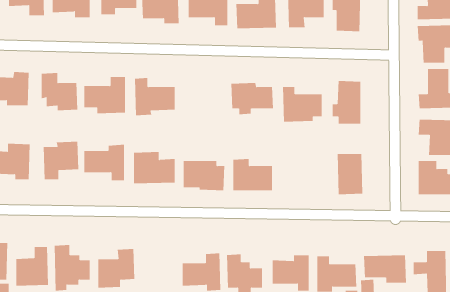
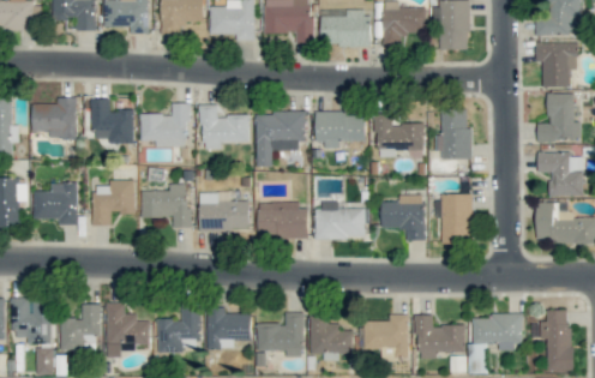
building: none -> [256,112,303,167]
building: none -> [380,194,425,241]
building: none -> [206,307,252,349]

